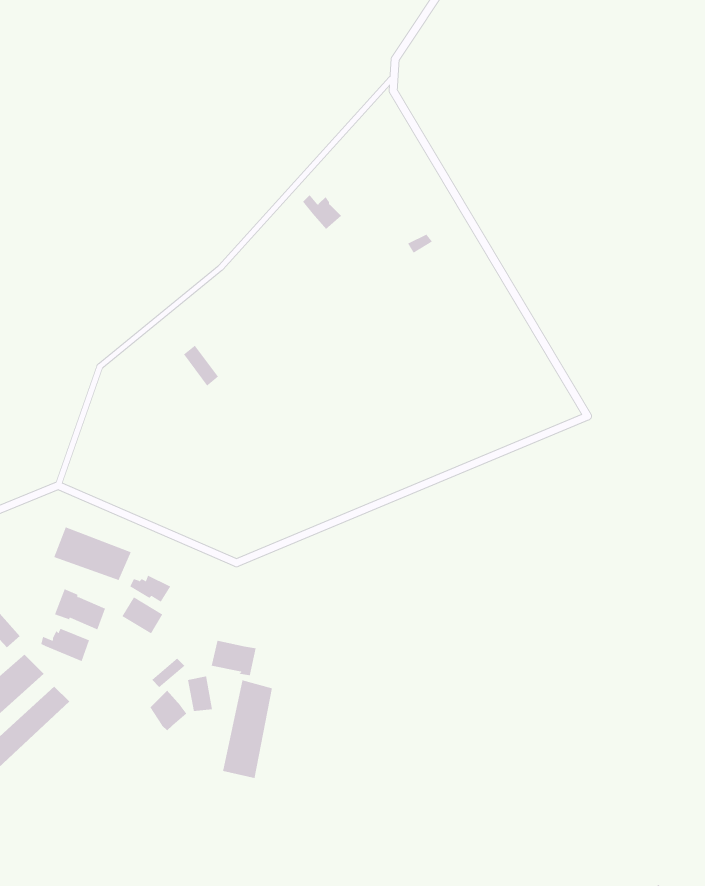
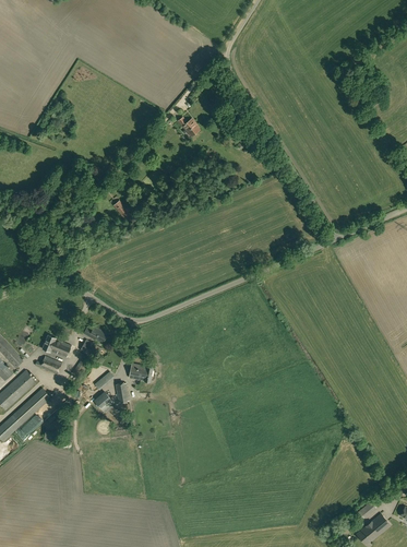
building: [54,526,132,581] -> none
building: [223,679,273,779] -> none

